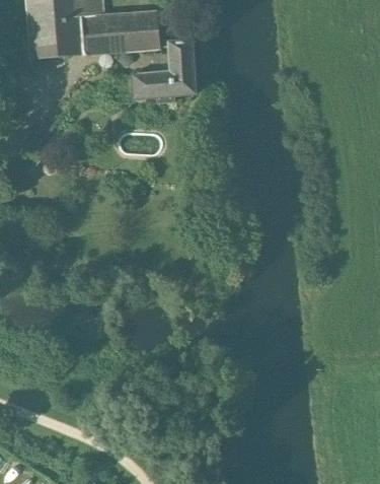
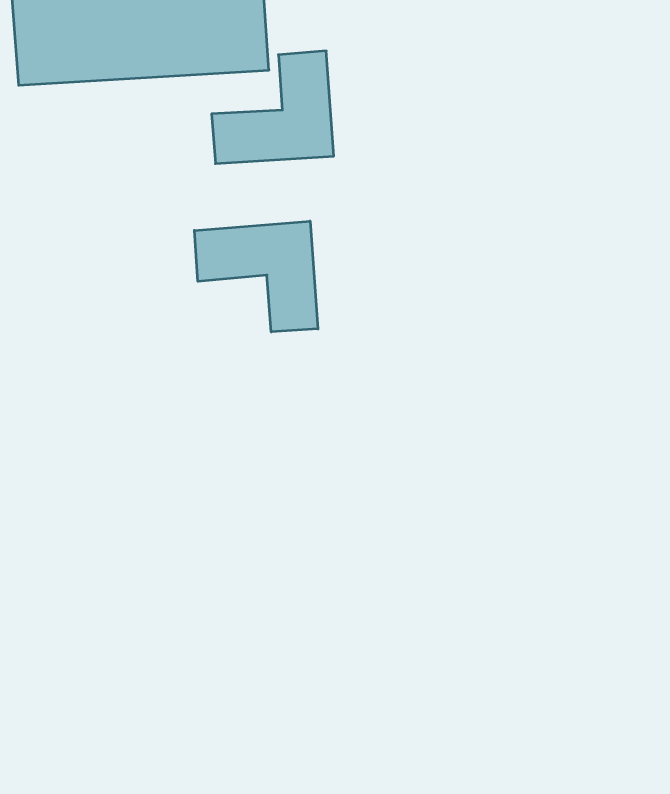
building: none -> [194,221,318,332]

